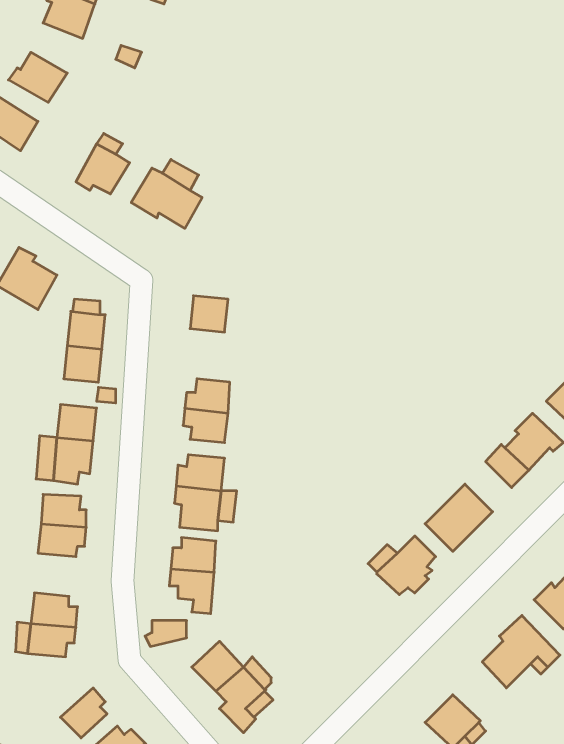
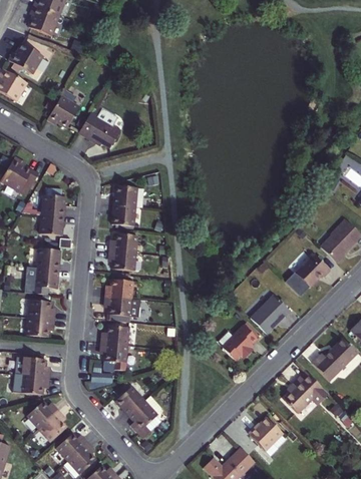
building: none -> [111,204,133,226]
building: none -> [26,403,57,430]

